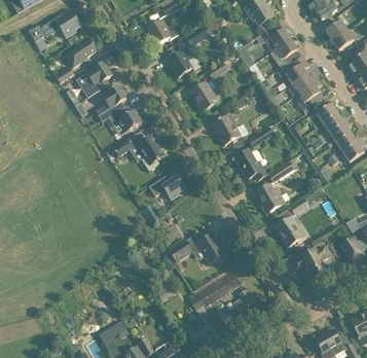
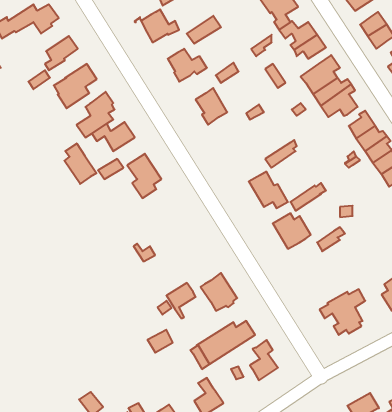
building: [213,112,248,144] -> none
building: none -> [64,143,96,184]
building: [149,175,185,199] -> none
building: [276,215,309,246] -> none

